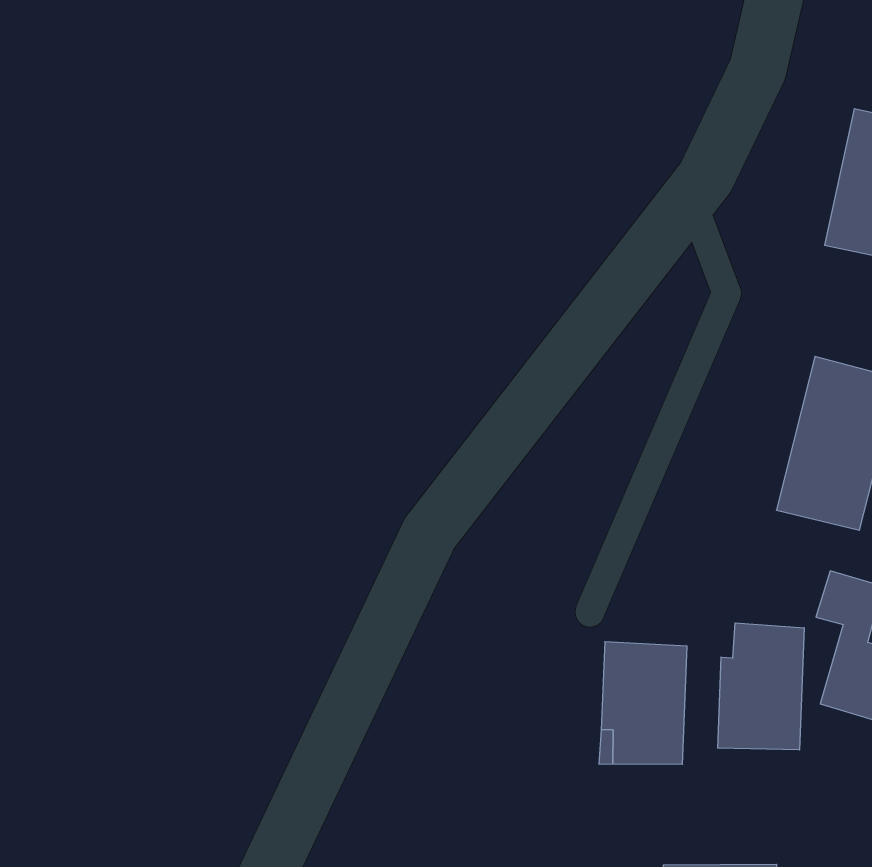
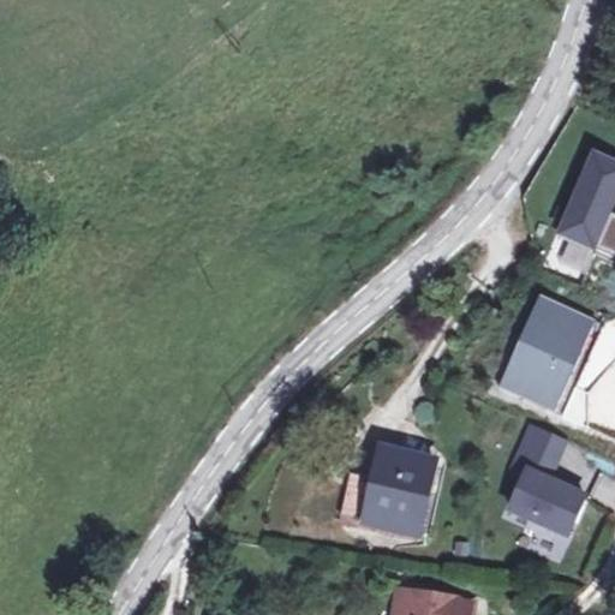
building: [718,623,804,750] -> none

